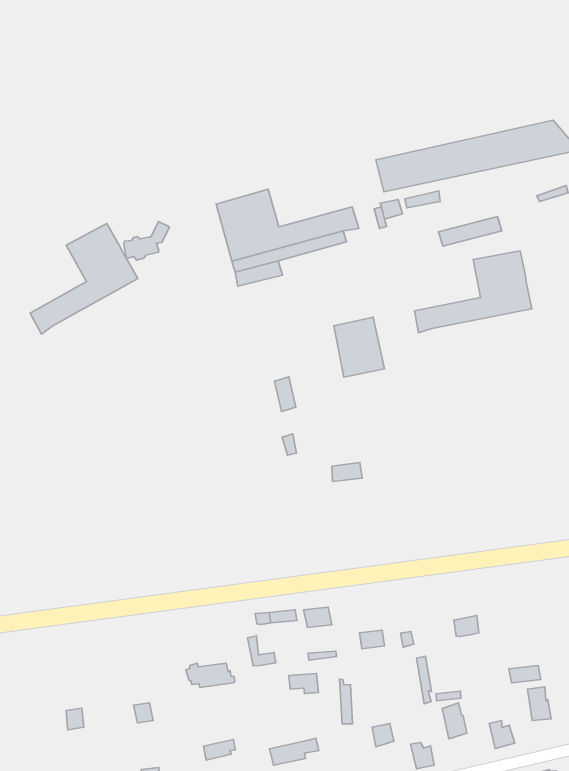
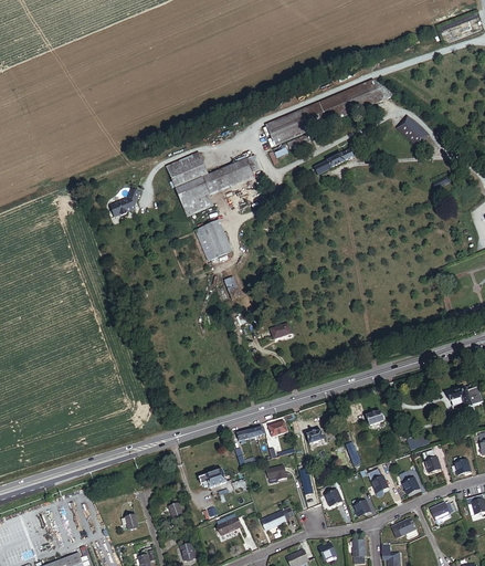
building: [30,223,138,334] -> none
building: [415,251,532,333] -> none
building: [334,317,385,377] -> [194,219,232,261]

